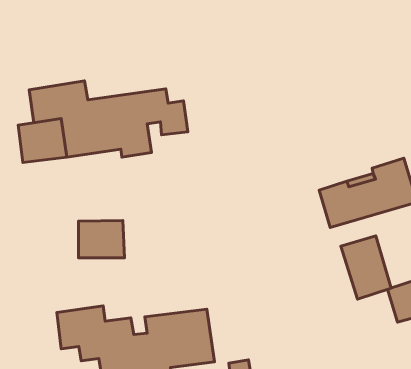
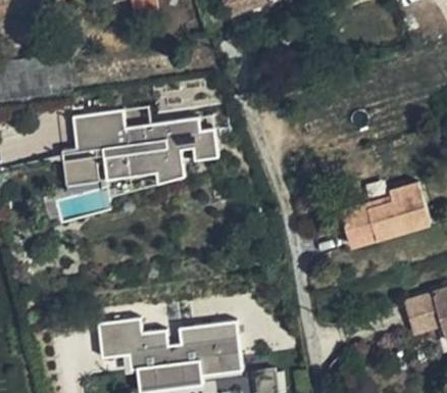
building: [79,220,125,258] -> none
building: [341,236,391,299] -> none

